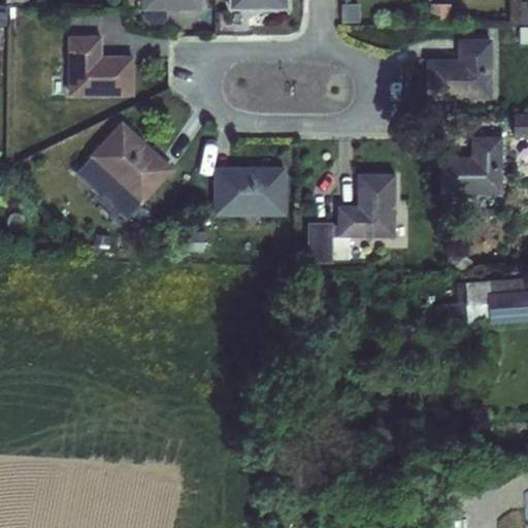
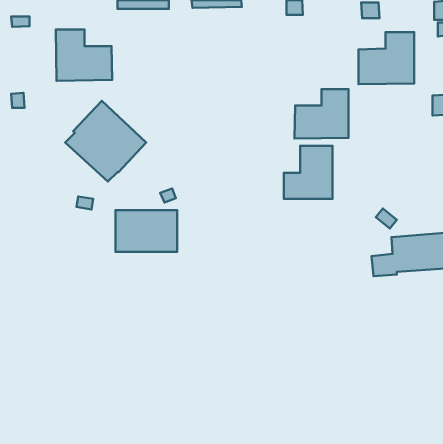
building: [439,136,503,195] -> [294,89,348,139]
building: [213,166,287,216] -> [115,210,177,252]
building: [308,222,350,263] -> none

